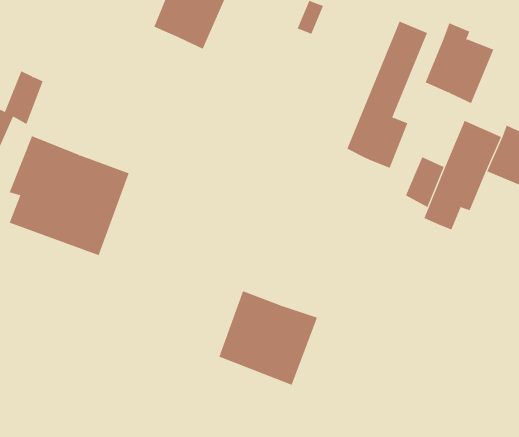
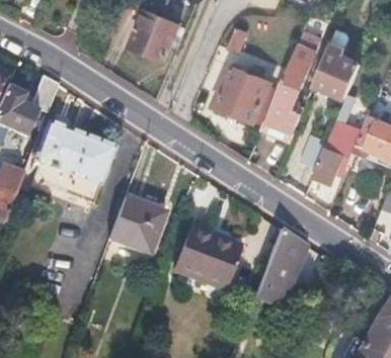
building: none -> [214,67,271,124]
building: none -> [109,196,165,253]
building: none -> [253,229,307,309]

